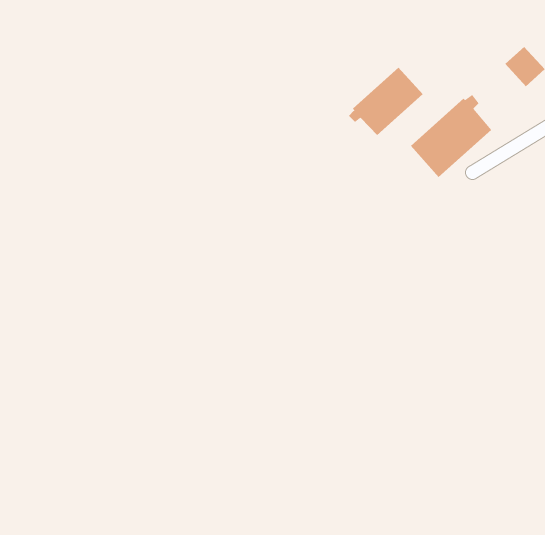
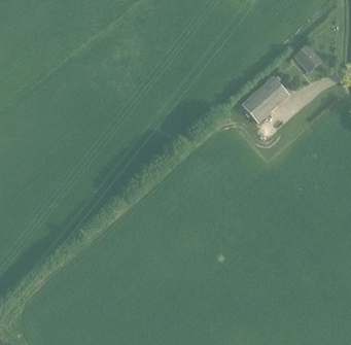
building: [348,67,424,136] -> none

